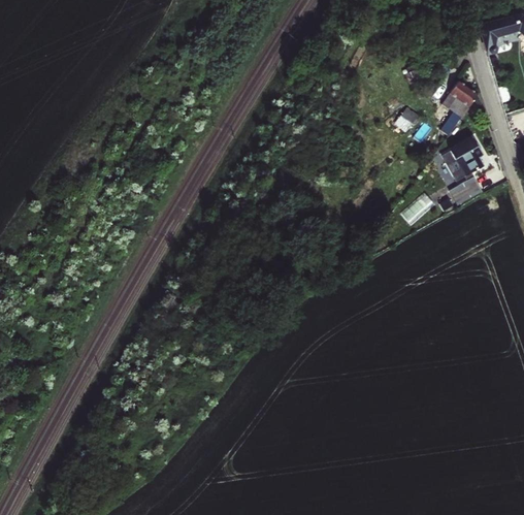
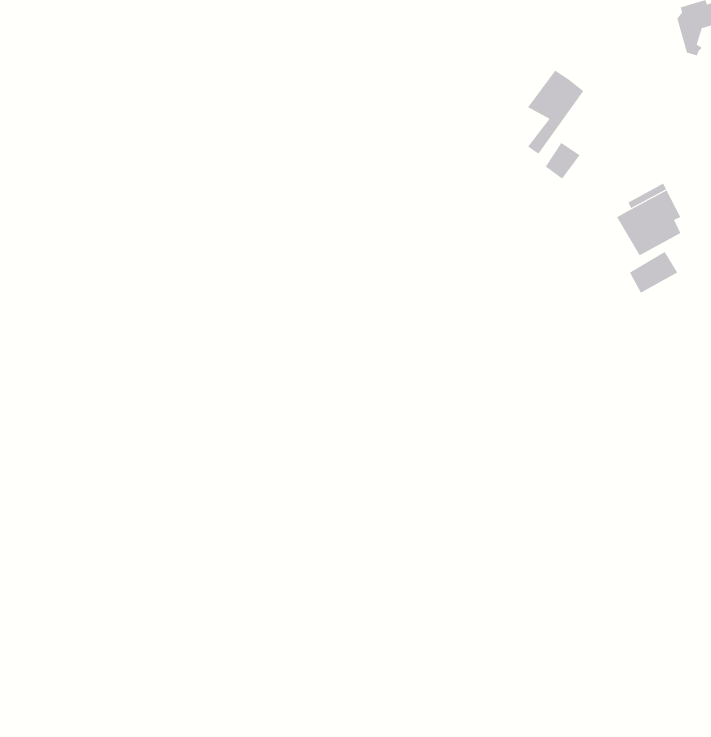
building: [441,82,478,135] -> [527,70,584,154]

